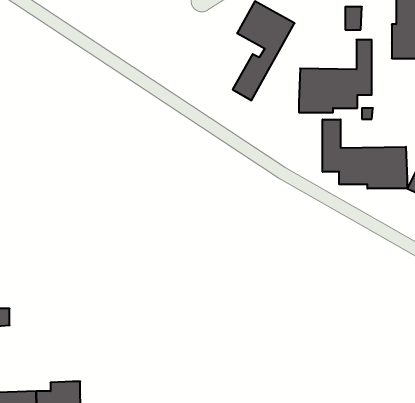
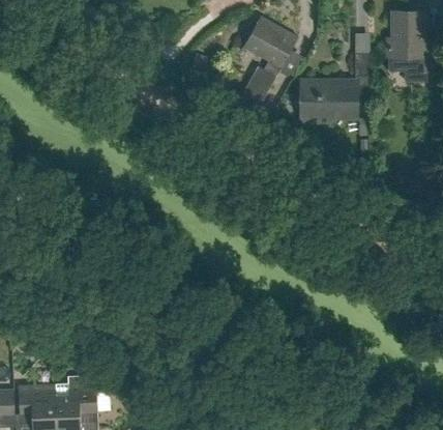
building: [323,119,407,189] -> none

